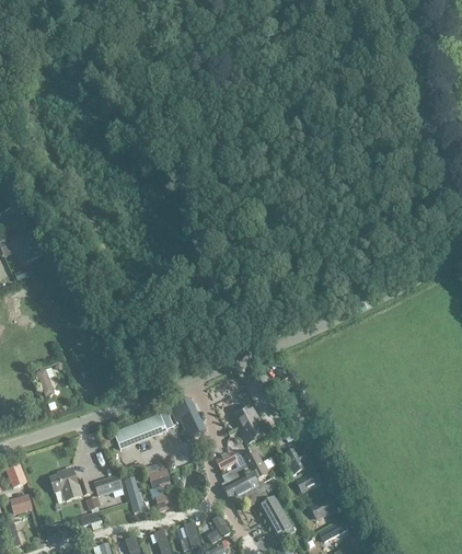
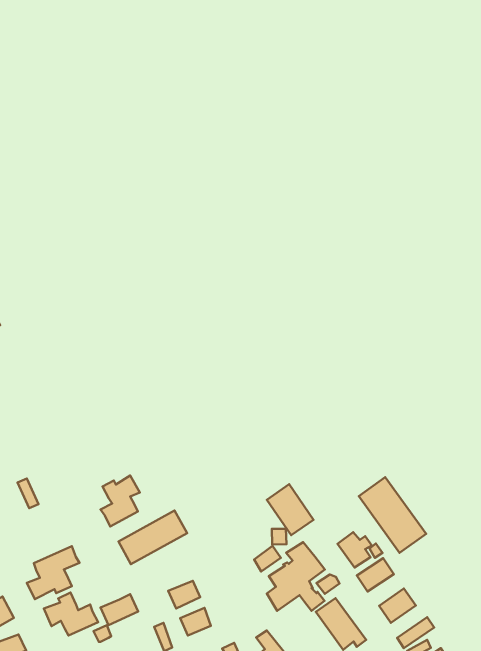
building: none -> [101,475,140,527]
building: [170,397,206,439] -> none
building: none -> [359,477,426,553]
building: none -> [27,546,79,599]

